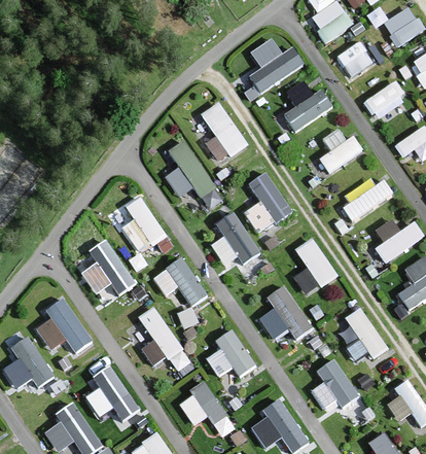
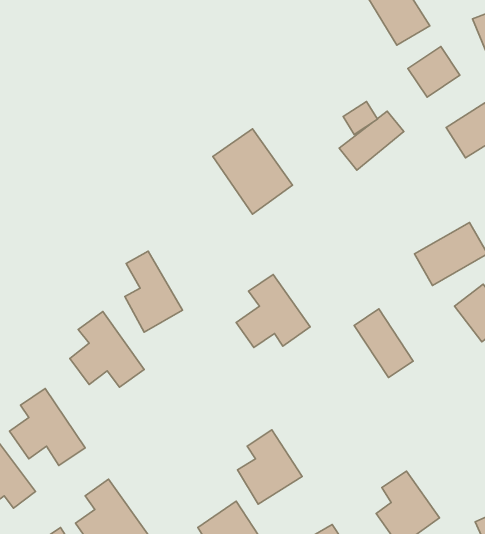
building: [248,34,299,95] -> none
building: [313,127,360,172] -> none
building: [165,140,218,207] -> none
building: [244,172,293,235] -> none
building: [152,257,208,308] -> none
building: [258,285,314,340] -> none
building: [137,307,191,372] -> none
building: [346,308,385,364] -> none

